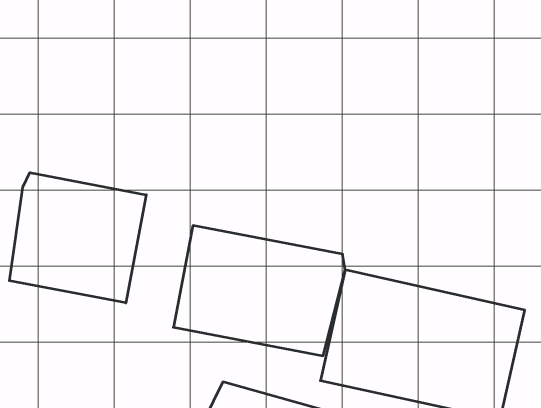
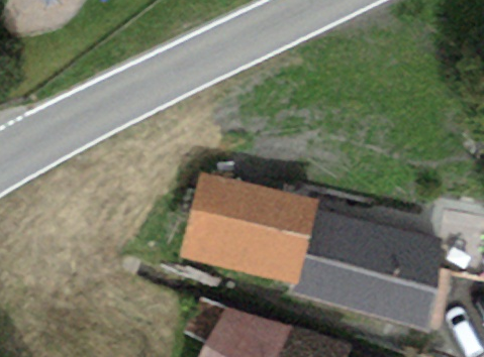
building: [9,173,146,303] -> none

